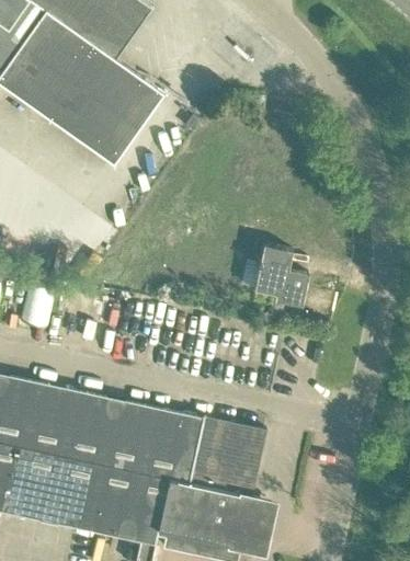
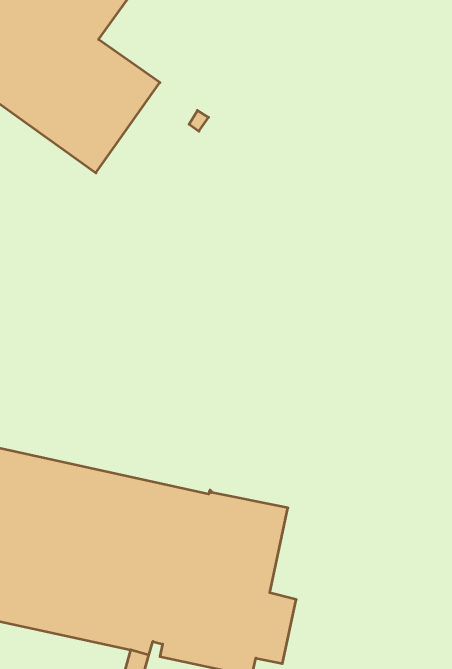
building: [254,245,308,307] -> none

